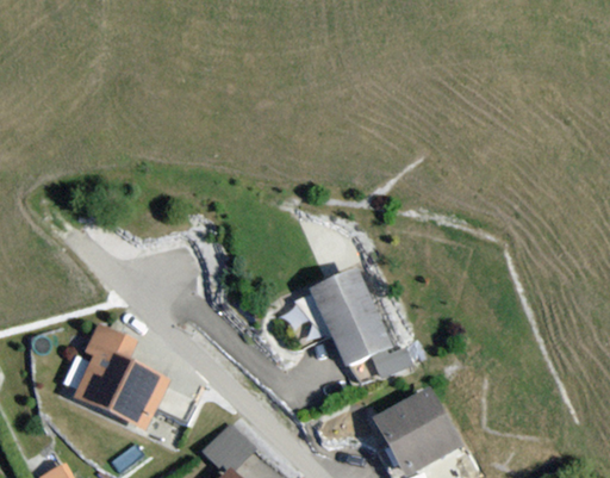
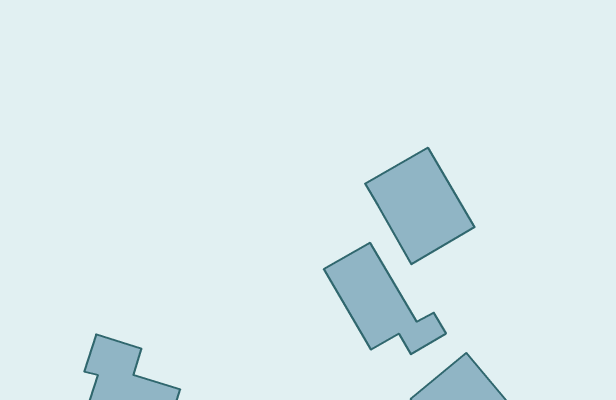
building: none -> [365,148,475,264]

